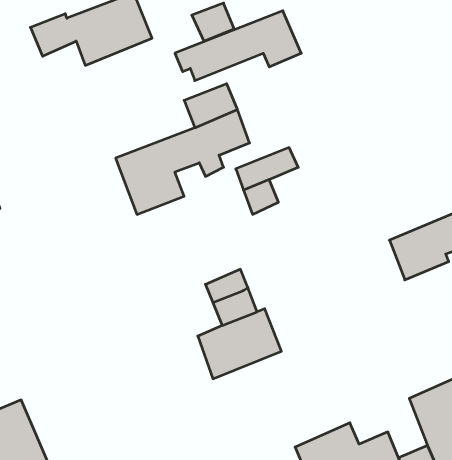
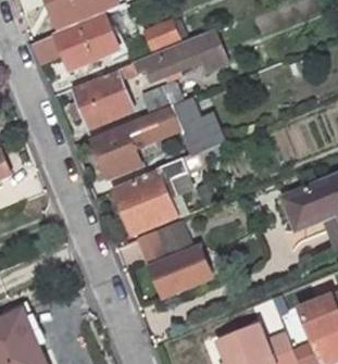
building: none -> [72,75,129,128]
building: none -> [113,172,175,234]

